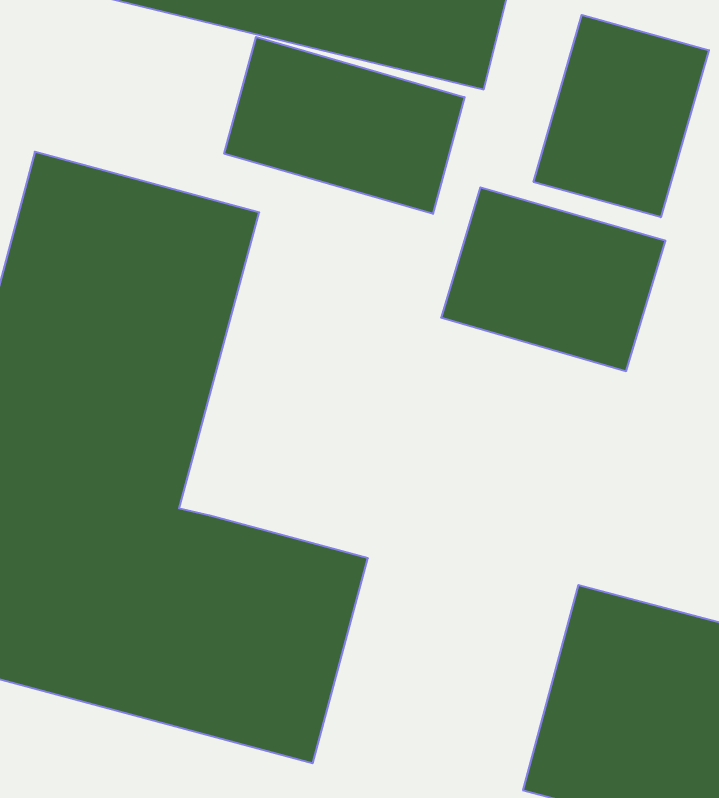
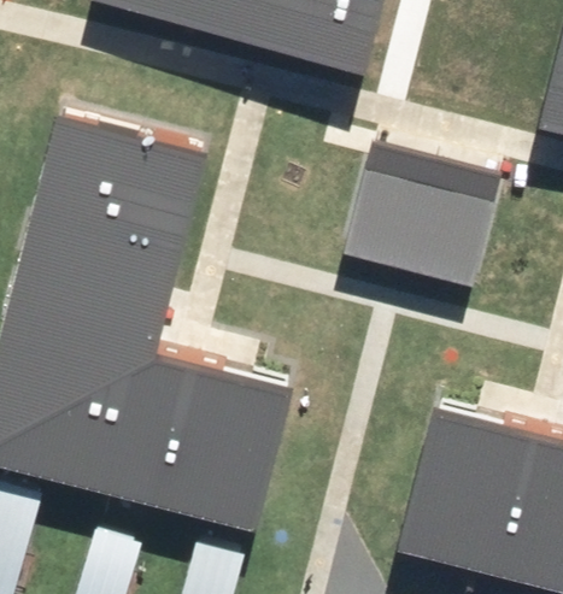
building: [534,15,709,217] -> none
building: [224,37,465,214] -> none

